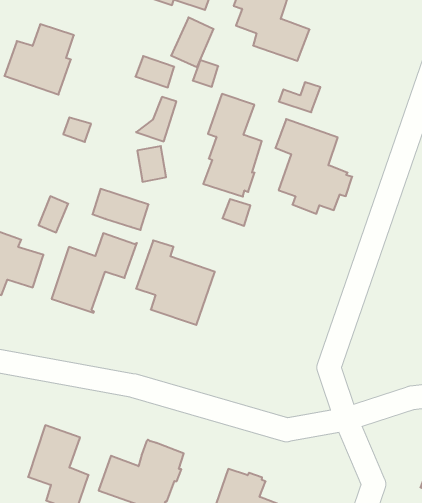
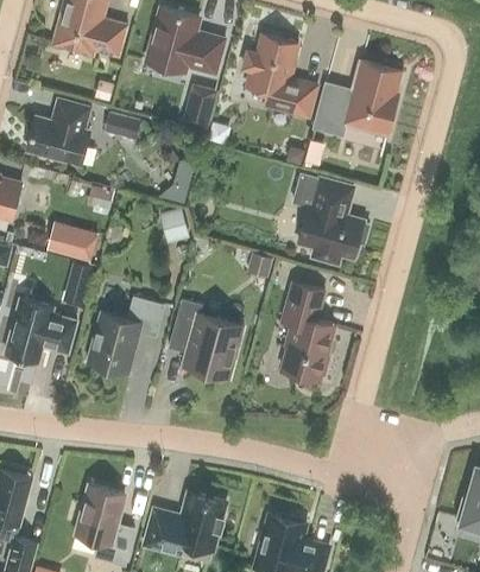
building: none -> [314,61,402,135]
building: [135,56,174,87] -> [102,112,139,140]
building: [203,94,262,197] -> [280,282,334,380]
building: [92,189,149,230] -> [44,223,97,260]

